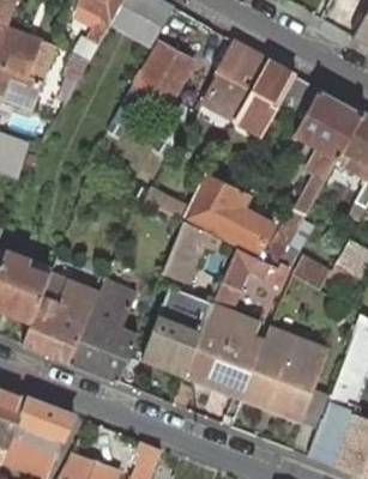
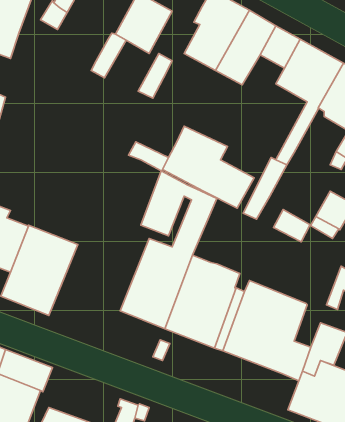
building: [213,244,298,310] -> none
building: [71,280,137,381] -> none

